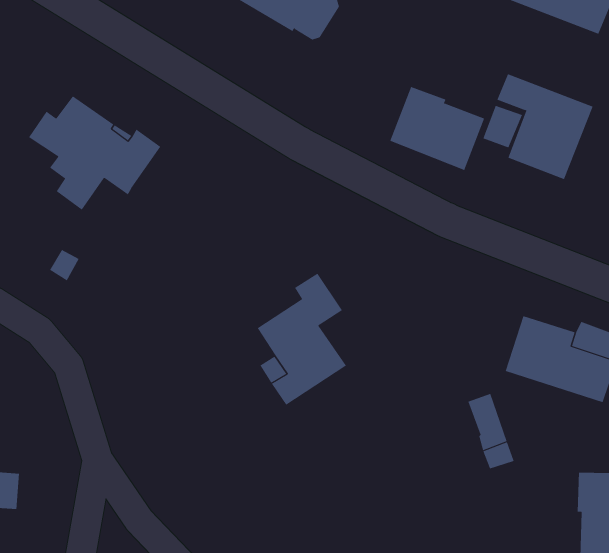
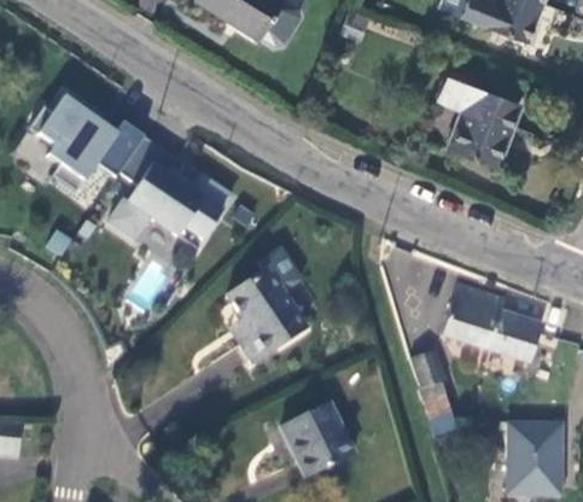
building: [389,86,485,171] -> none
building: none -> [109,138,233,241]
building: none -> [280,402,355,480]

